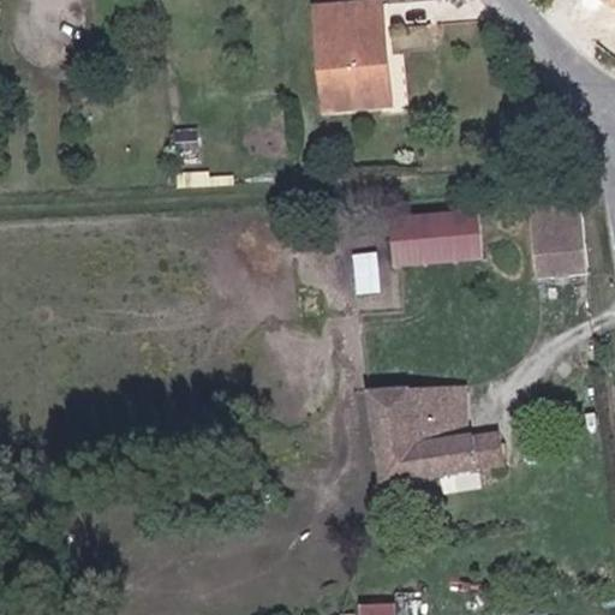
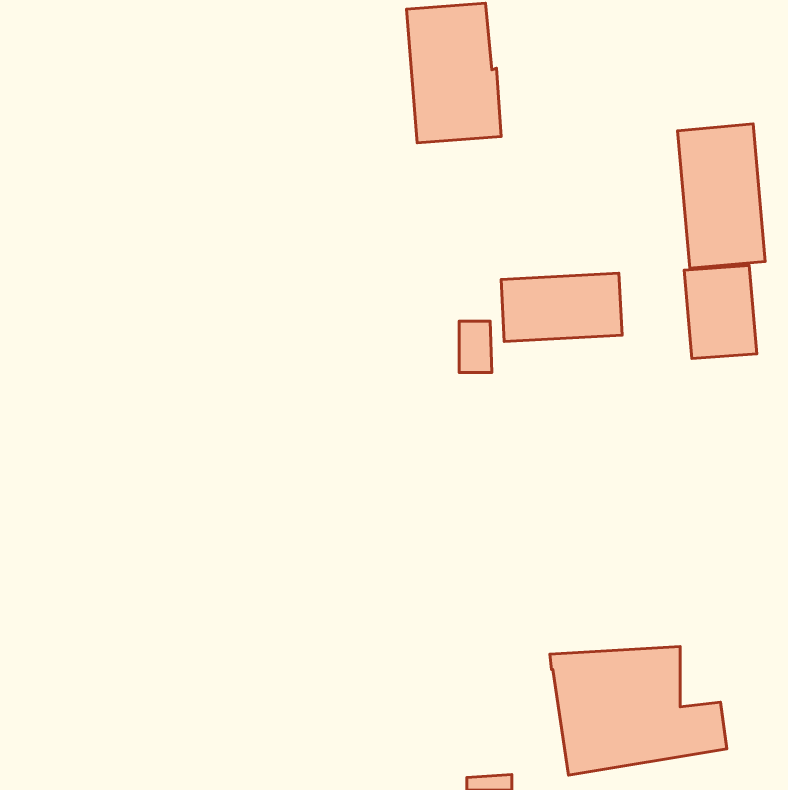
building: none -> [678,124,765,268]
building: [365,386,502,485] -> [550,646,727,775]

